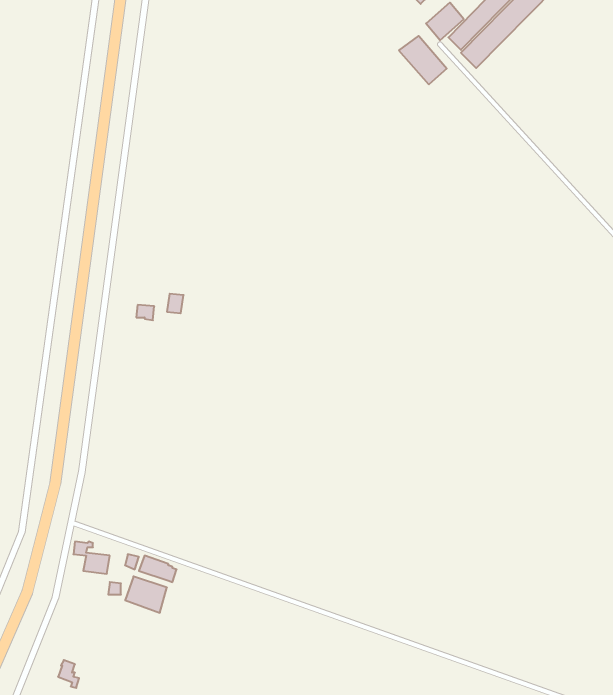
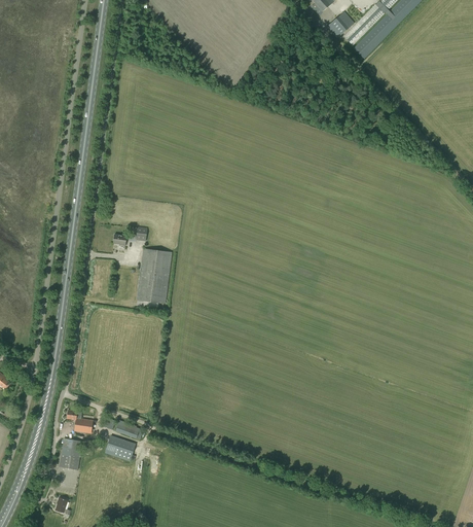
building: [399,36,447,84] -> none
building: none -> [136,248,171,303]
building: none -> [59,437,81,468]

